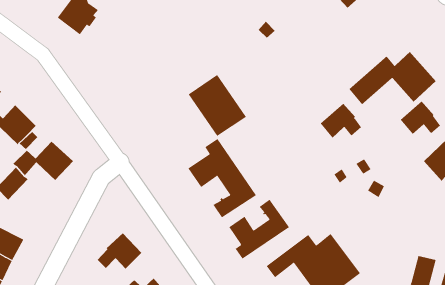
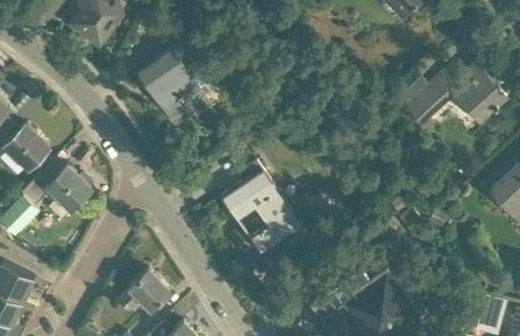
building: [187,74,247,142] -> [137,50,205,127]
building: [400,100,441,135] -> none
building: [320,103,362,138] -> none
building: [228,199,290,259] -> none

